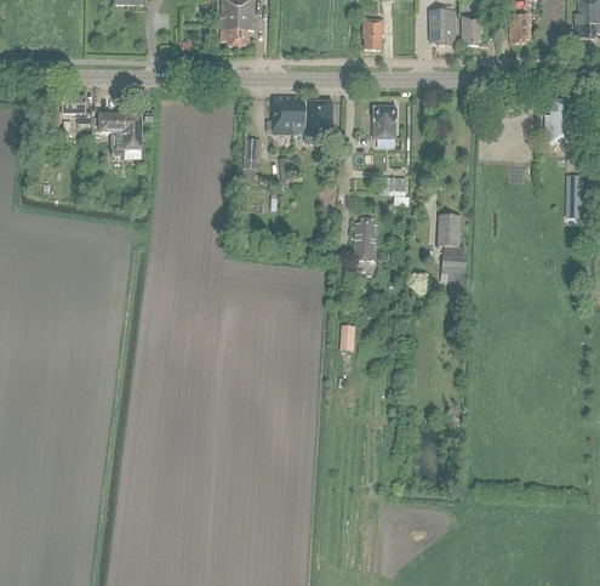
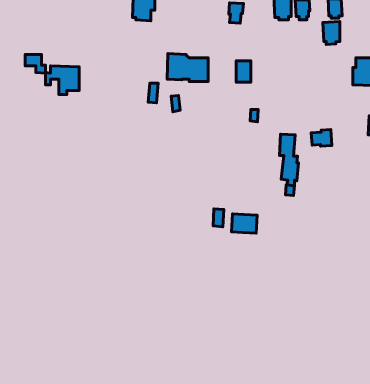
building: none -> [323,22,340,44]
building: none -> [311,129,332,146]
building: [353,217,375,258] -> none
building: none -> [231,214,257,233]

